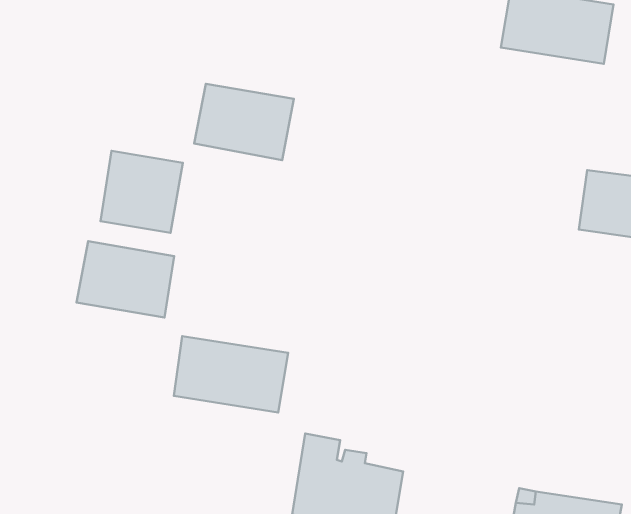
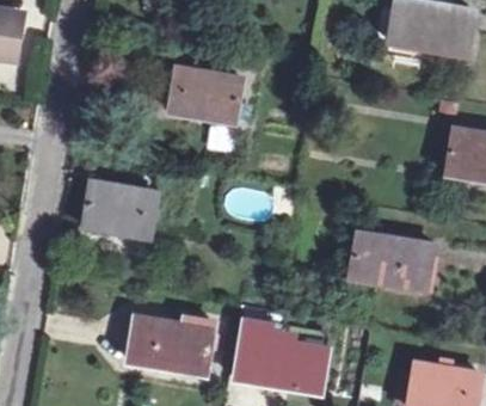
building: [100,151,183,233] -> none
building: none -> [351,233,432,288]
building: [174,336,288,412] -> [129,318,211,373]

